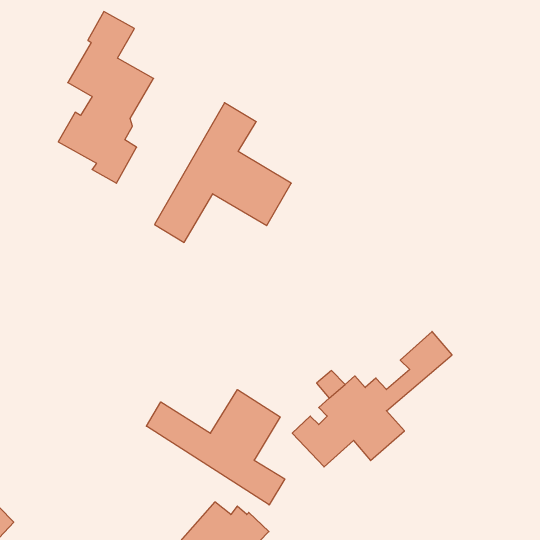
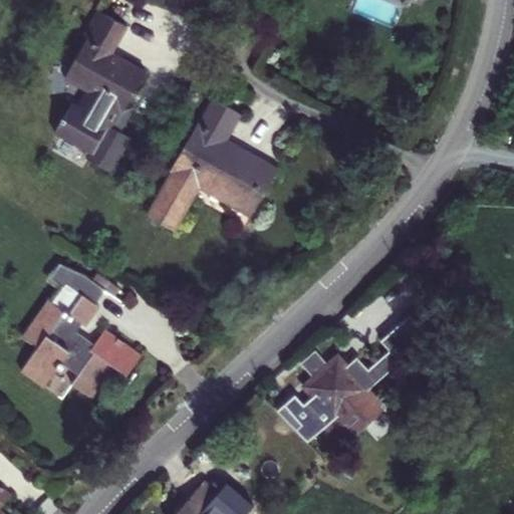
building: none -> [20,264,142,401]
building: [146,390,285,505] -> none

